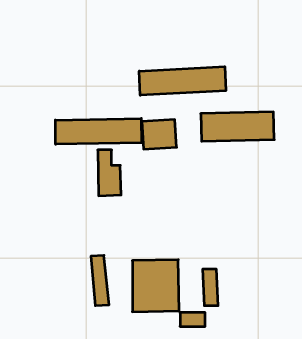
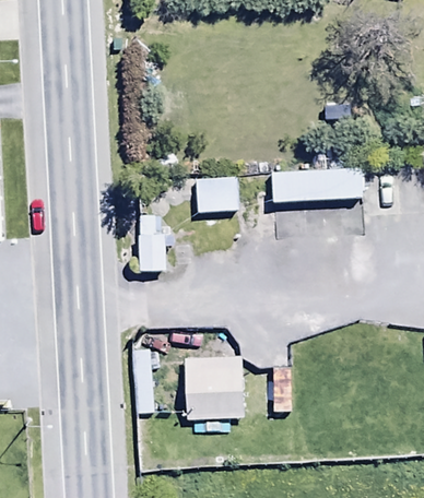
building: [139,67,226,95] -> none
building: [55,118,141,144] -> none

